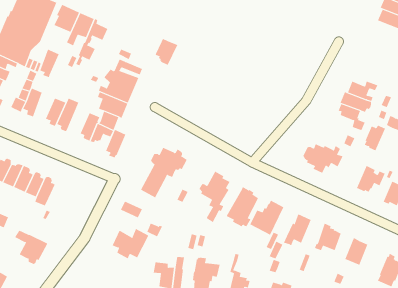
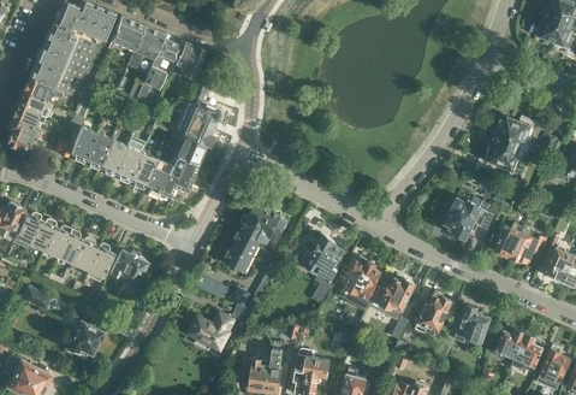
building: [154,38,178,66] -> [173,42,204,78]
building: [39,49,59,78] -> [84,131,111,170]
building: [364,125,386,151] -> [493,223,522,258]
building: [104,129,126,158] -> [127,151,156,189]
building: none -> [112,249,147,294]
building: none -> [511,332,545,370]

